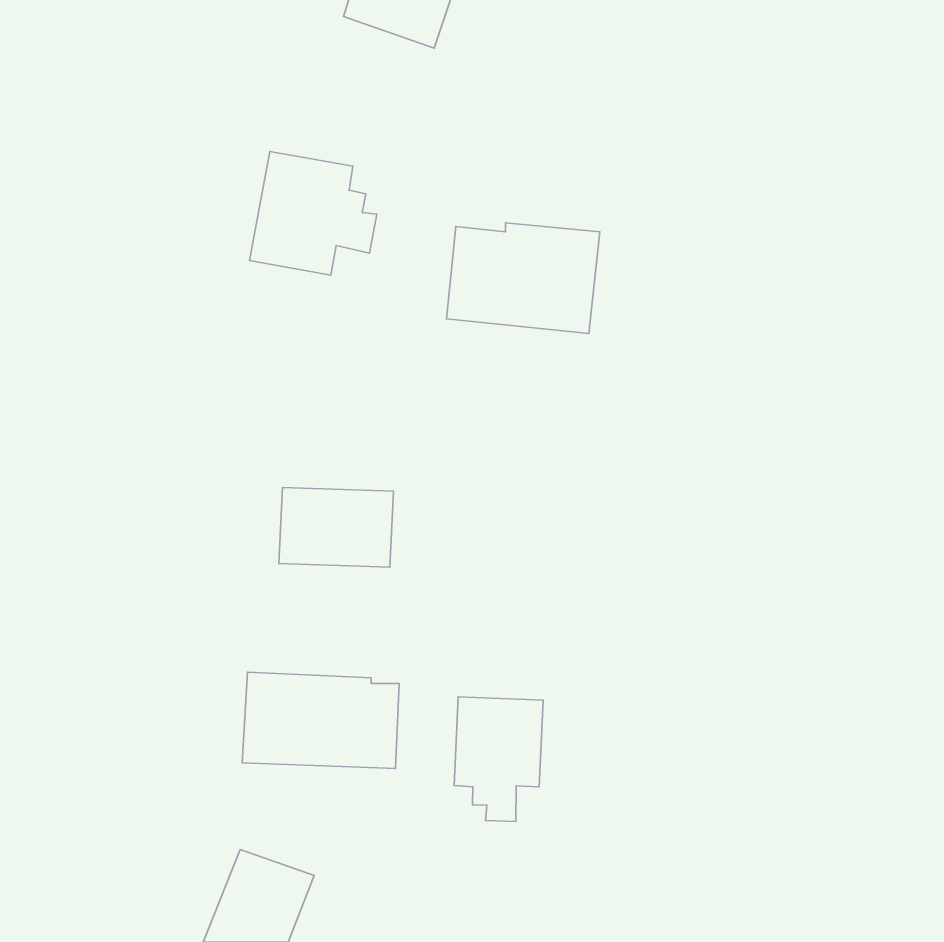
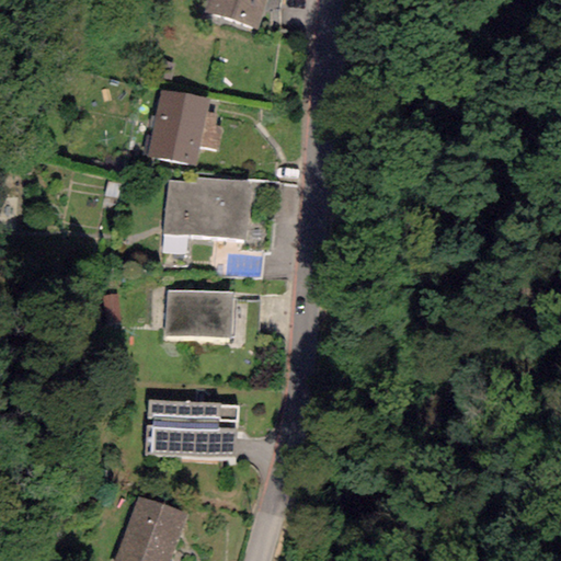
building: [447,223,600,334] -> [162,176,253,242]
building: [454,697,543,822] -> none

